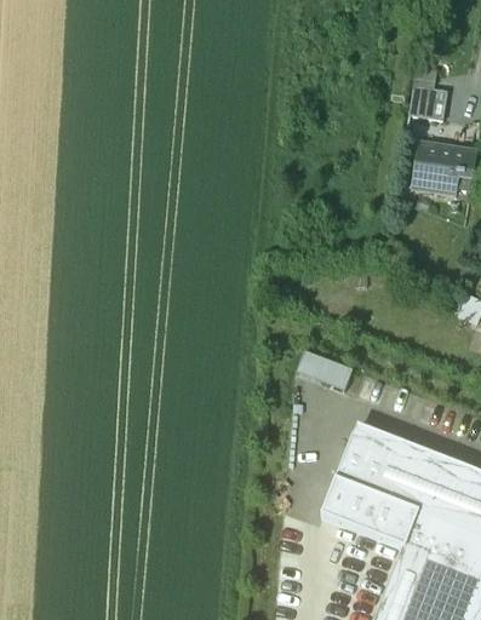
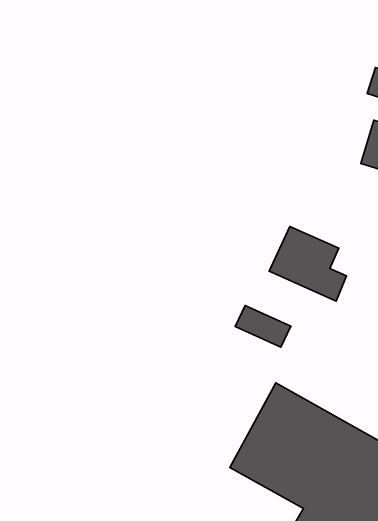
building: none -> [269,226,347,301]

